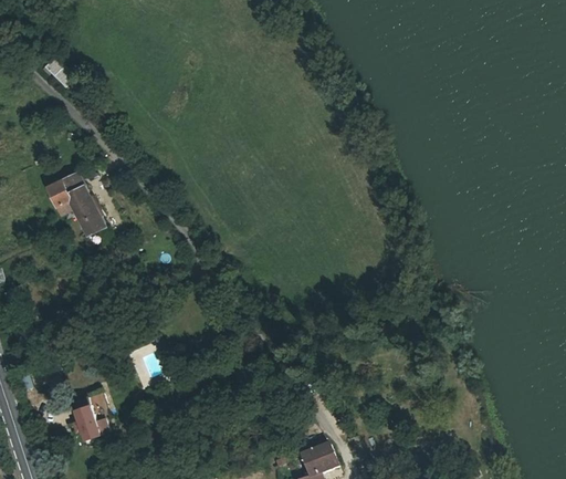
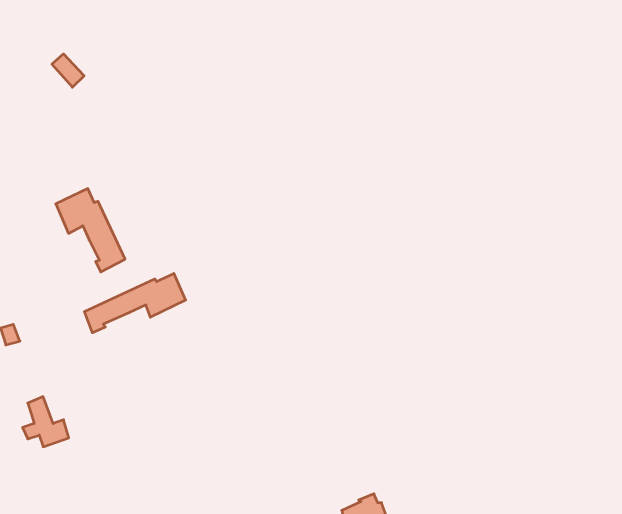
building: none -> [84,273,186,333]
building: [70,397,109,440] -> [23,397,69,447]

